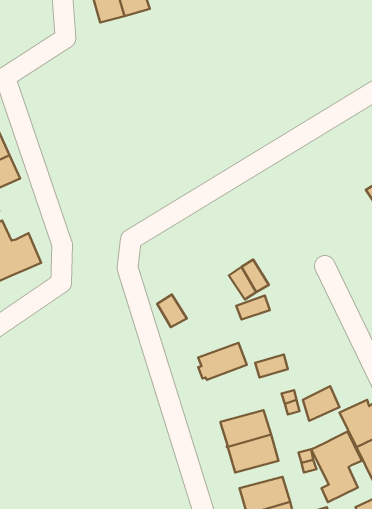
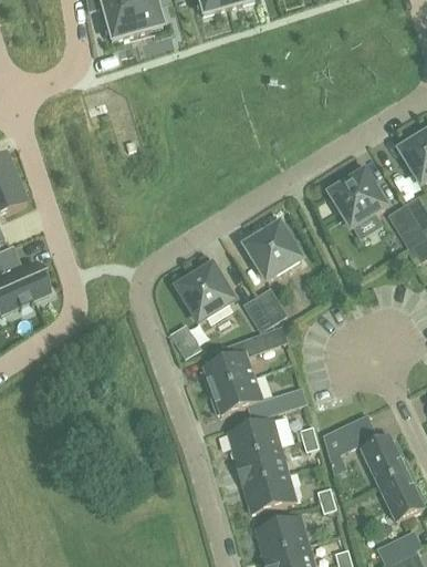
building: none -> [331,172,386,227]
building: none -> [247,225,302,279]
building: none -> [179,267,233,321]
building: none -> [201,352,254,391]
building: none -> [228,419,281,458]
building: [311,432,362,502] -> none

